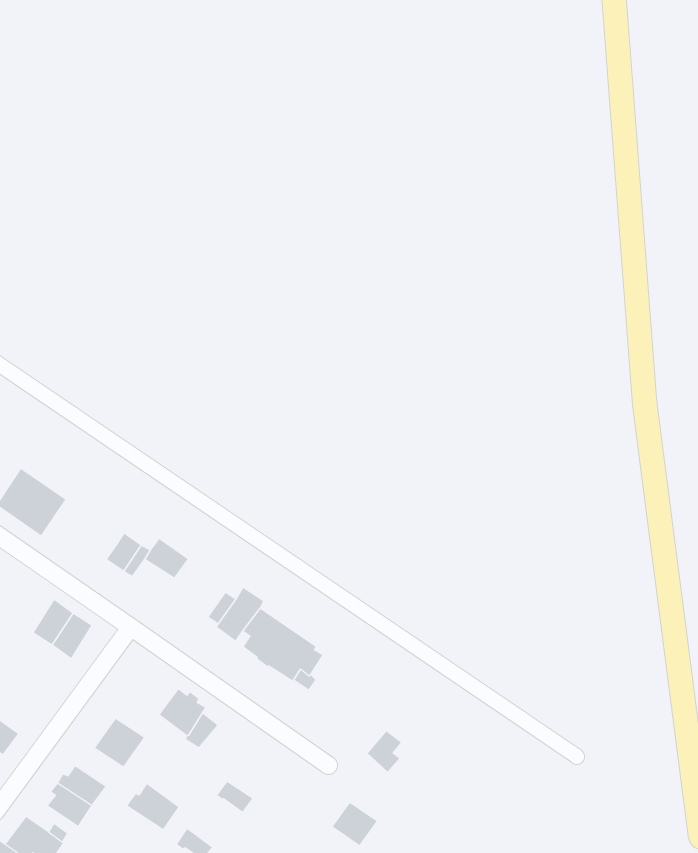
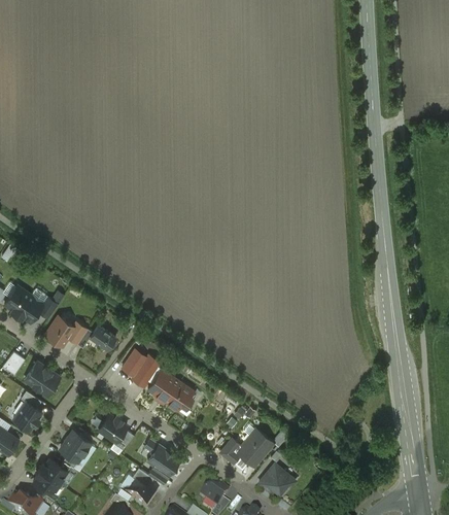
building: none -> [45,316,74,346]
building: none -> [12,401,41,430]
building: none -> [236,430,272,467]
building: none -> [148,446,179,476]
building: none -> [258,464,295,499]
building: [127,783,179,830] -> [125,479,156,507]

